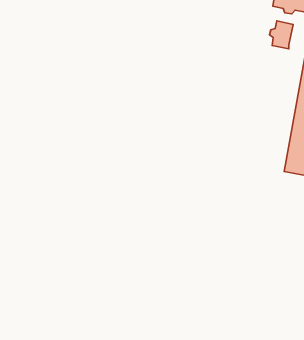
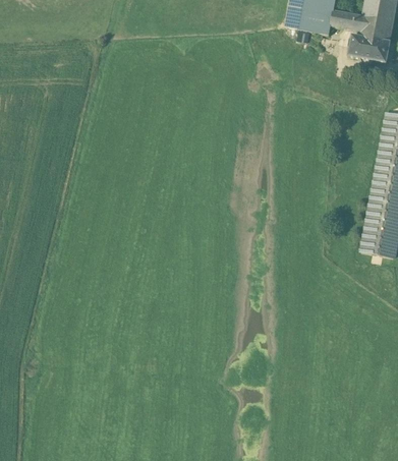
building: [270,21,293,49] -> none

